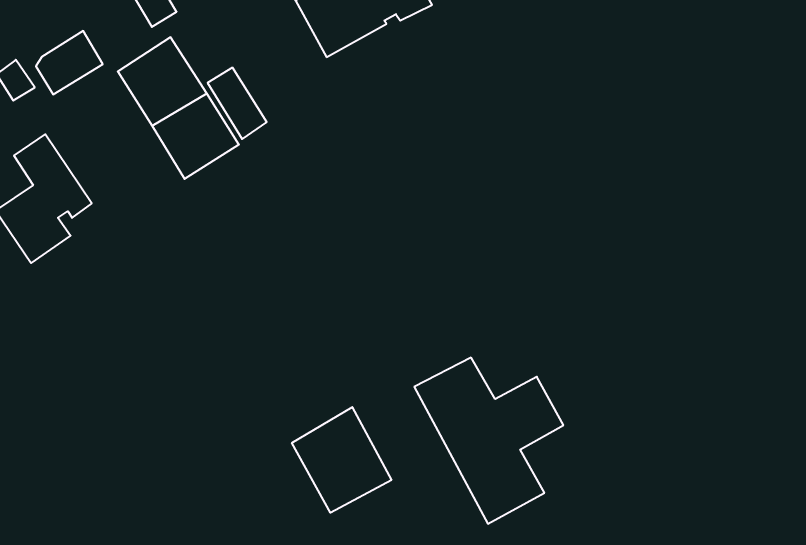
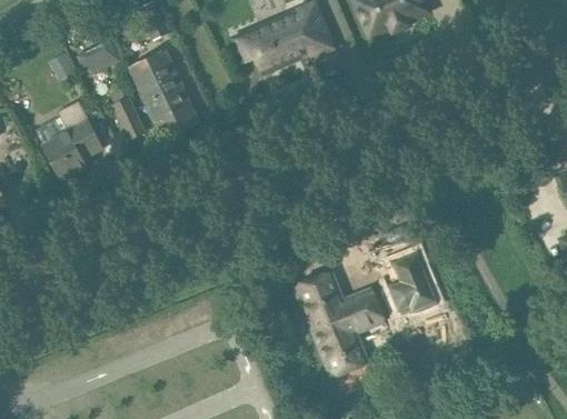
building: [208,68,267,139] -> [112,98,147,143]
building: none -> [388,251,437,310]
building: [292,407,391,513] -> none

